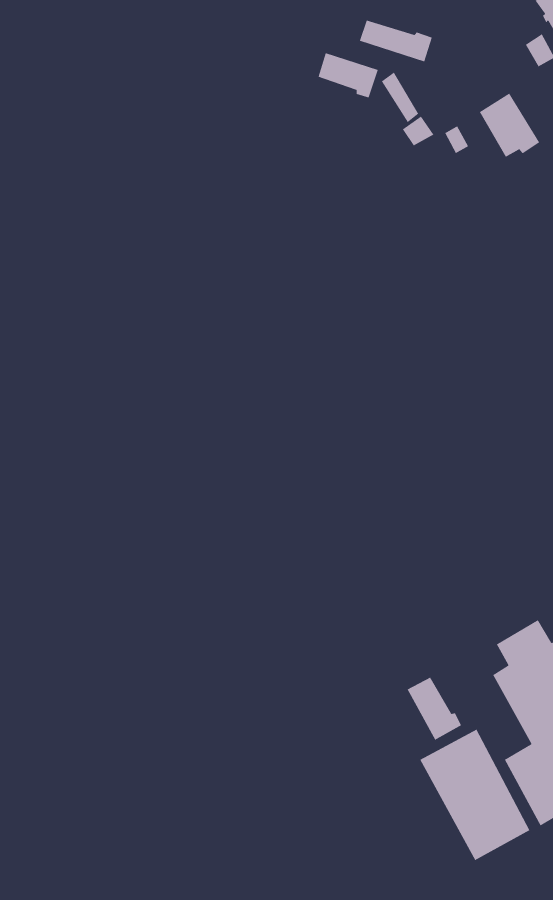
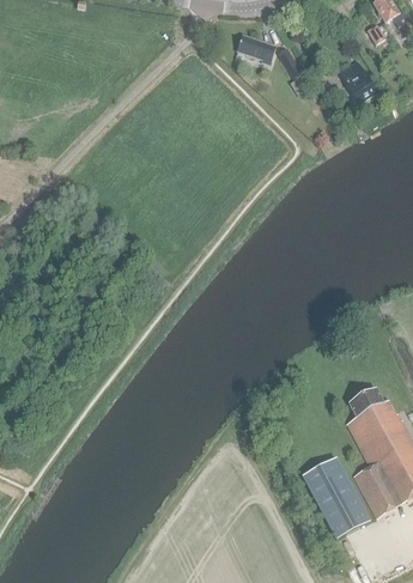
building: [359,20,433,63] -> none
building: [406,676,462,741] -> none

